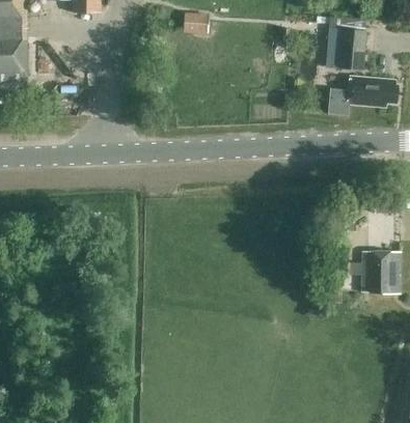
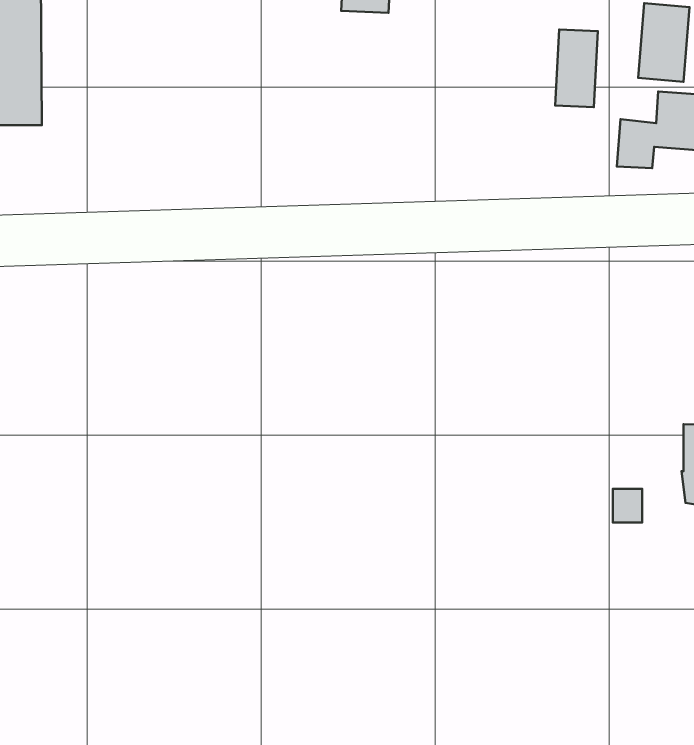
building: none -> [555,29,598,107]

